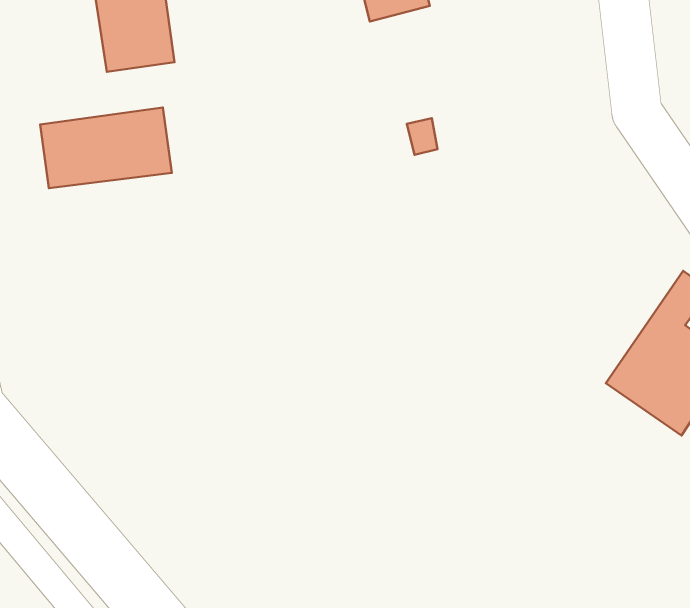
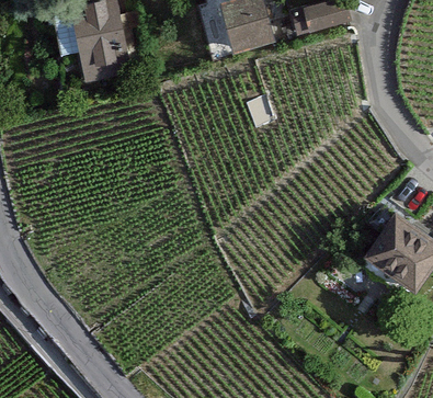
building: [40,107,172,188] -> none

